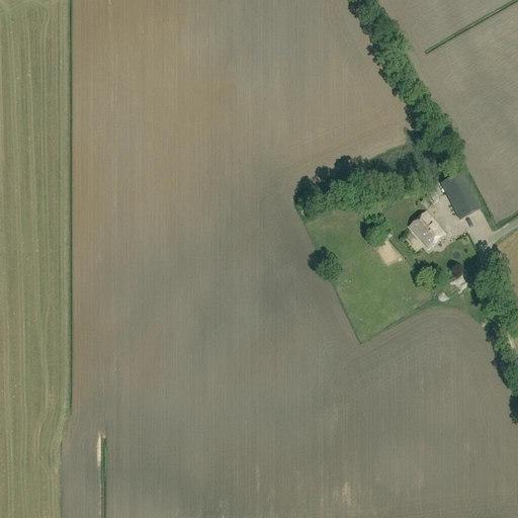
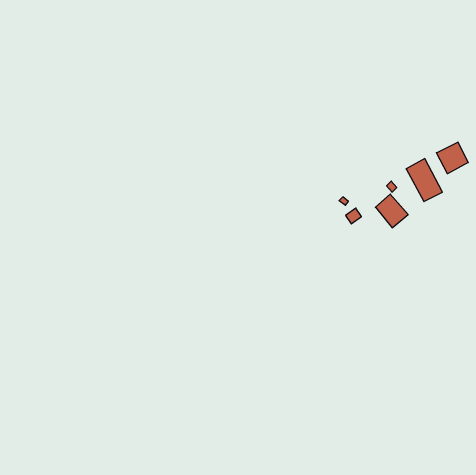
building: none -> [436,142,468,174]

